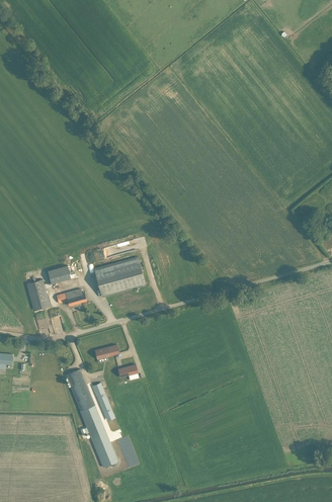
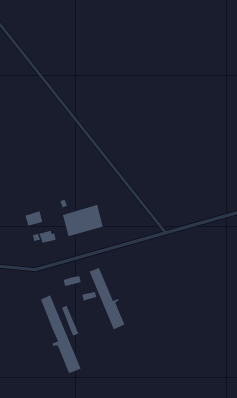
building: [25,278,49,310] -> none
building: none -> [89,267,125,330]

